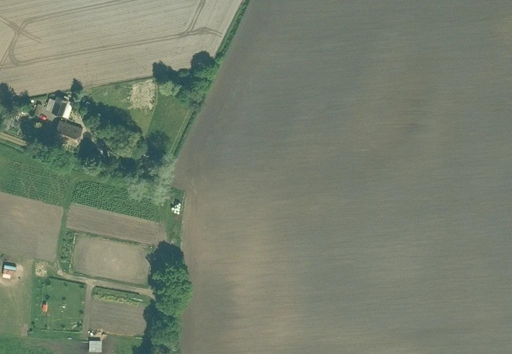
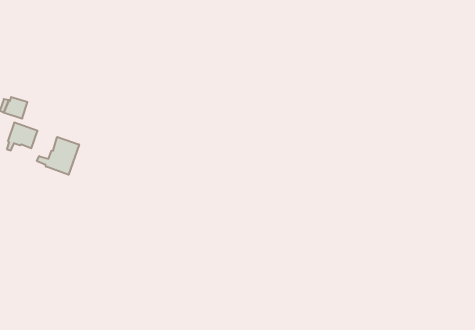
building: none -> [37,137,79,175]

